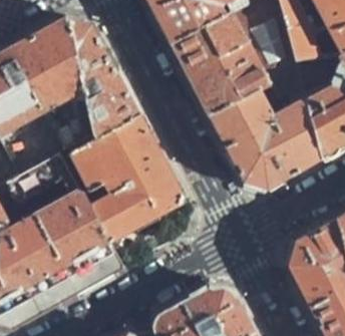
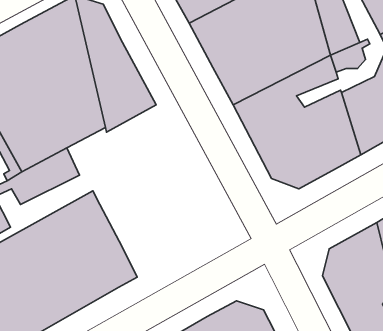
building: [72,113,186,240] -> none

